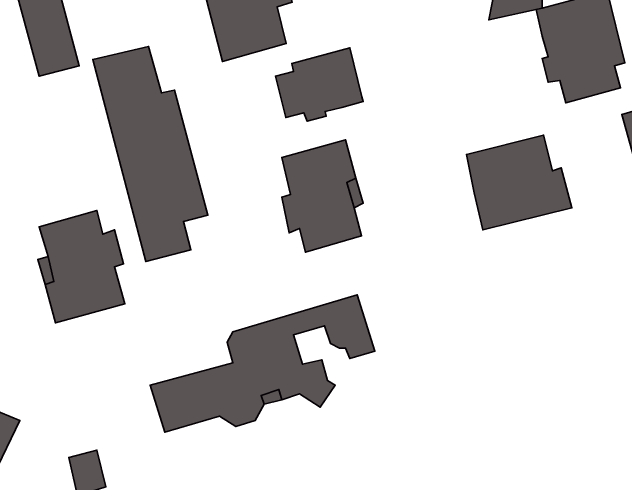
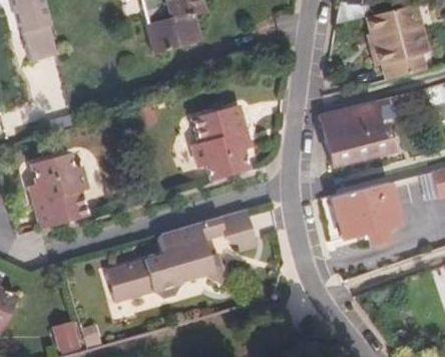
building: [93,47,208,262] -> none
building: [276,48,363,121] -> none
building: none -> [333,181,400,243]

